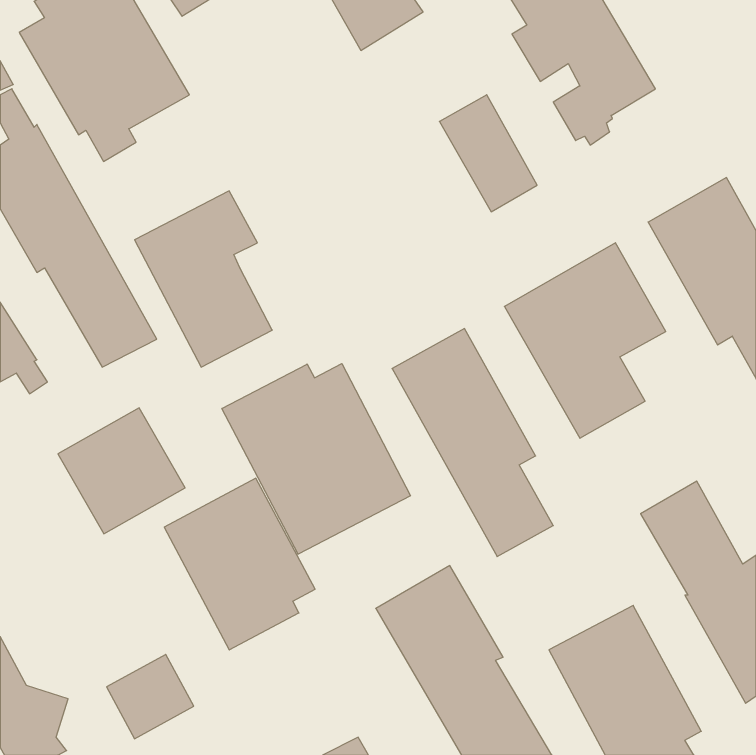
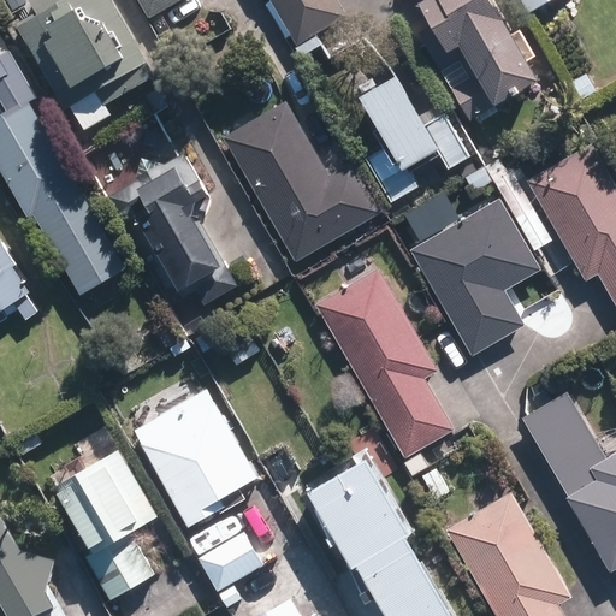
building: none -> [225,102,383,262]
building: [222,364,410,554] -> none
building: [58,408,185,534] -> [53,450,156,552]
building: none -> [197,531,263,591]

